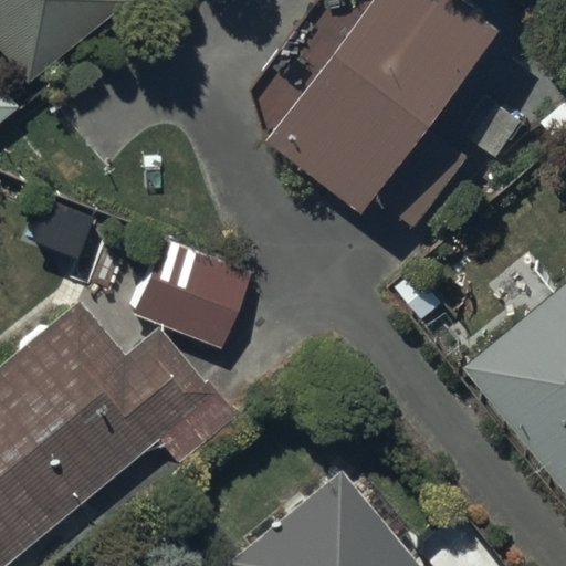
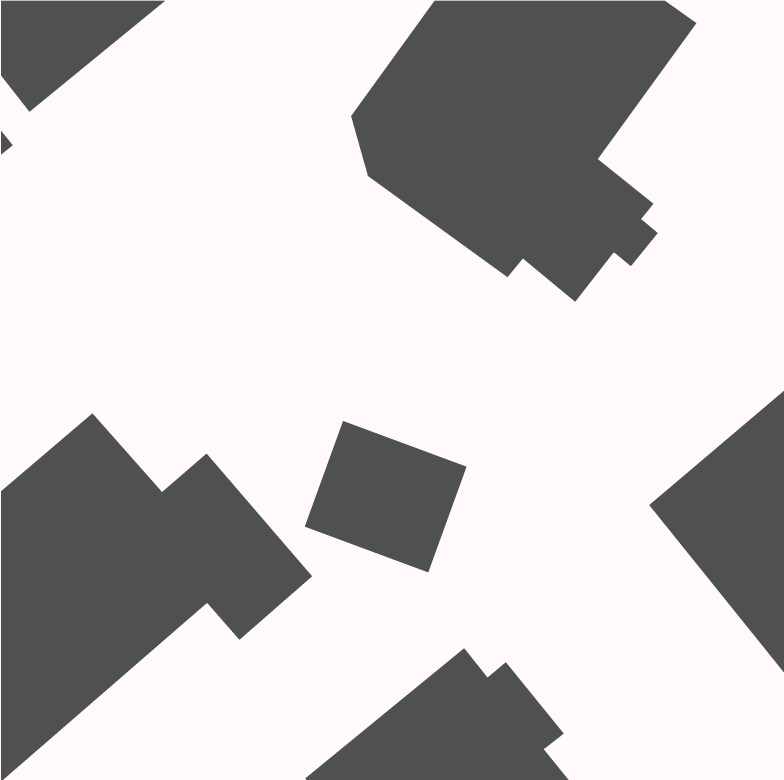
building: [127,241,244,350] -> [304,420,468,573]

